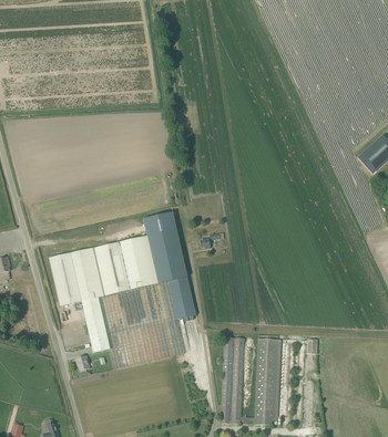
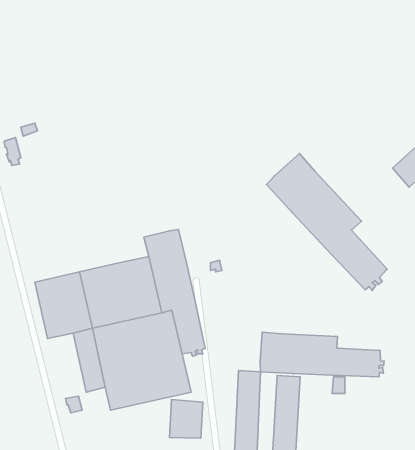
building: none -> [267,153,387,290]
building: none -> [260,332,384,377]
building: none -> [170,400,203,438]

